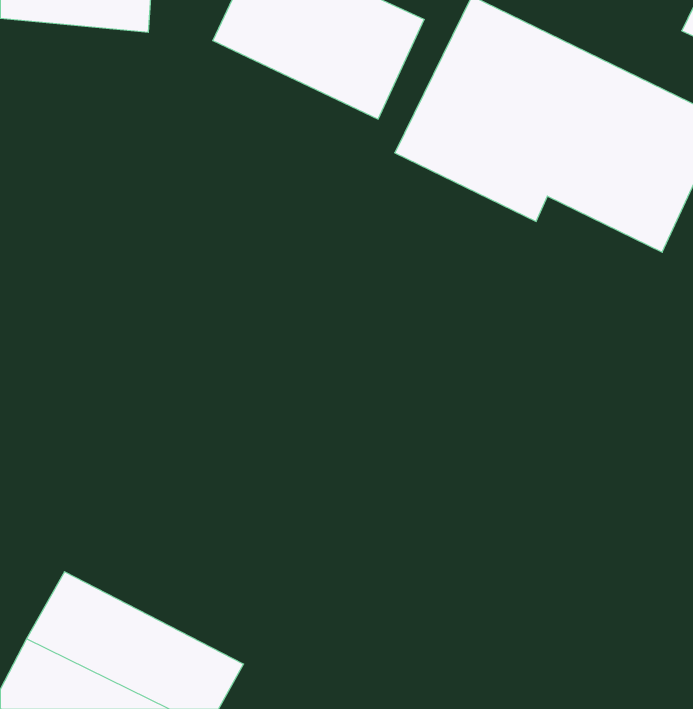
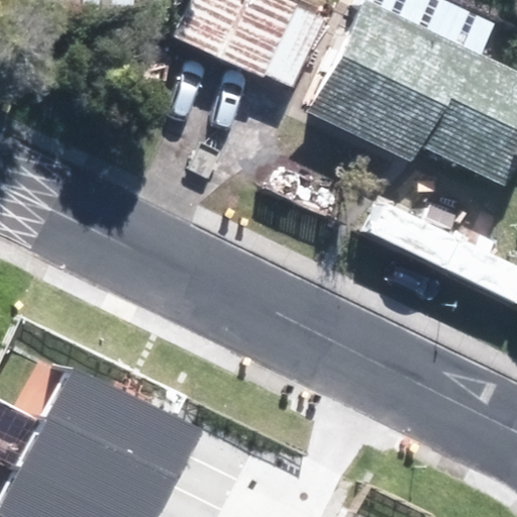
building: none -> [63,364,218,479]

